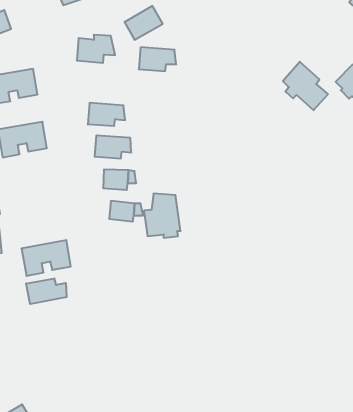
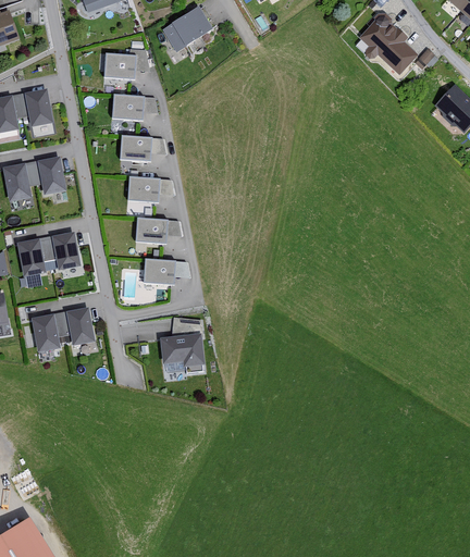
building: [139,47,176,71] -> [111,92,159,123]
building: [283,62,328,110] -> [360,15,418,77]
building: none -> [18,233,82,278]
building: [144,194,181,238] -> [161,318,208,374]
building: [26,278,66,304] -> none

